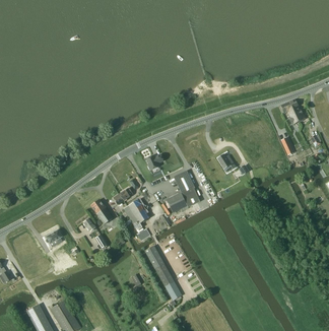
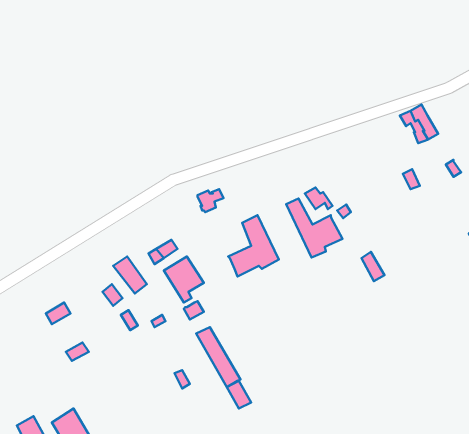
building: none -> [286,198,342,257]

